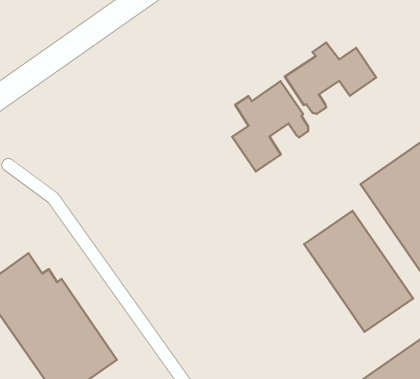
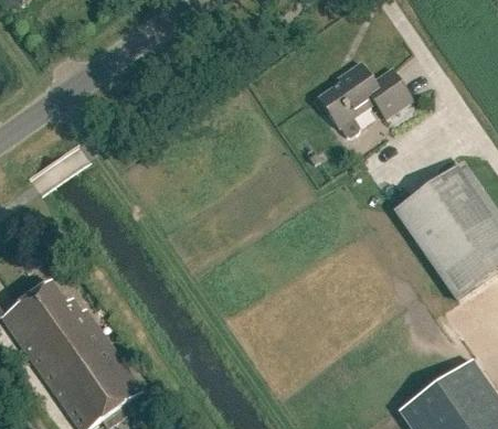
building: [232,81,308,172] -> none
building: [304,211,413,332] -> none

